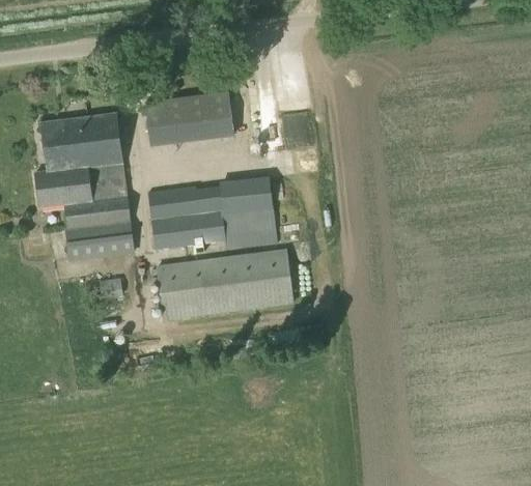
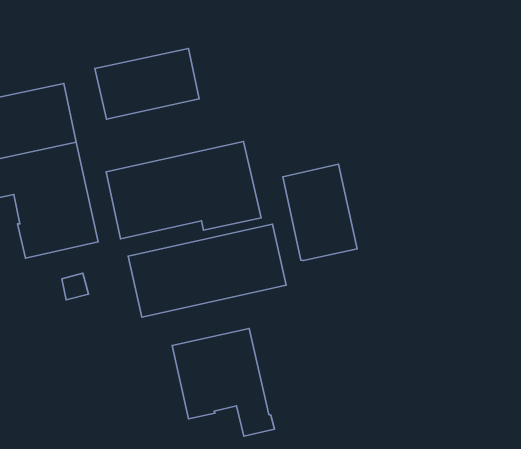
building: none -> [283,164,357,261]
building: none -> [172,329,274,436]

